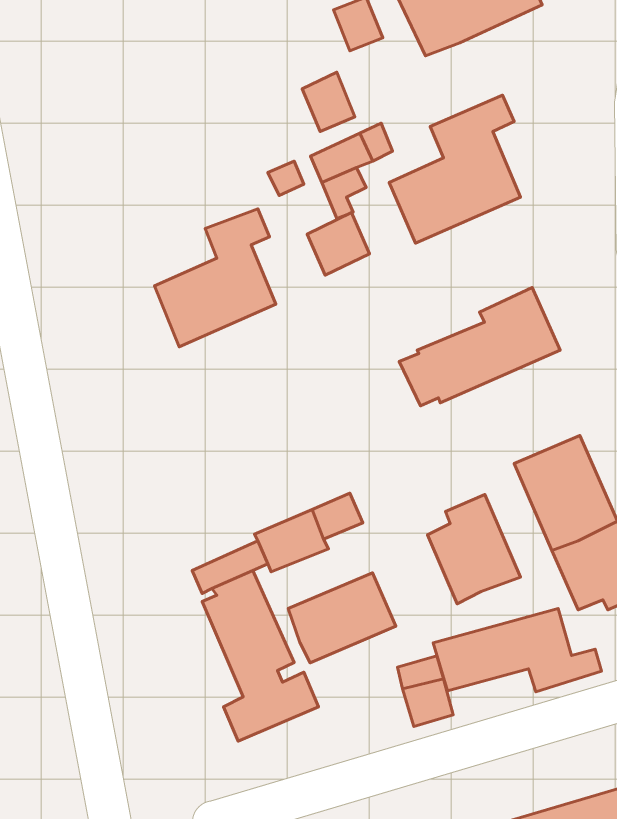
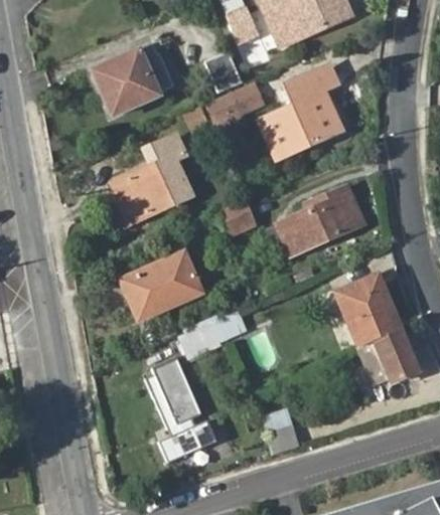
building: none -> [92,42,175,115]
building: [307,213,370,275] -> [217,198,256,236]
building: none -> [122,252,201,320]
building: [427,494,521,604] -> none
building: [288,573,396,663] -> none
building: [433,608,602,692] -> none

